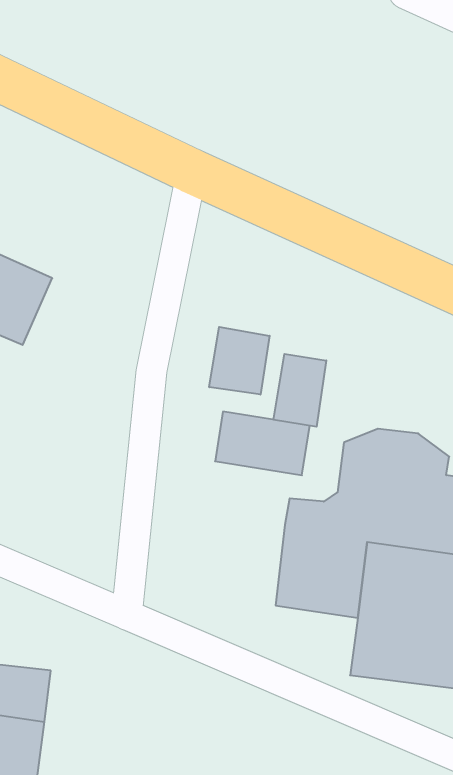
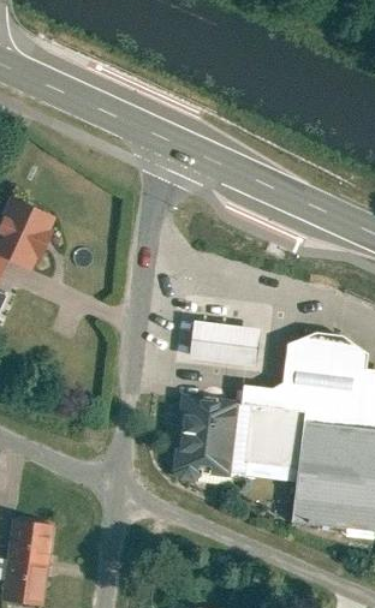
building: [209,327,270,395] -> none
building: [274,354,326,427] -> none
building: none -> [165,399,238,489]

